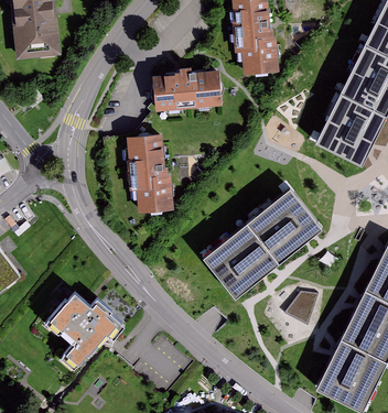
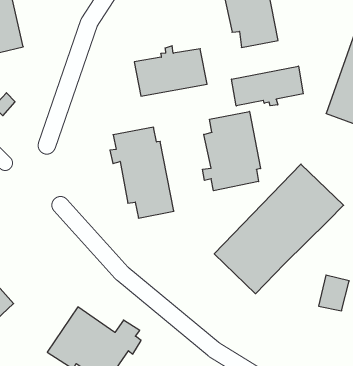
building: none -> [232,66,303,106]
building: none -> [203,111,261,191]

